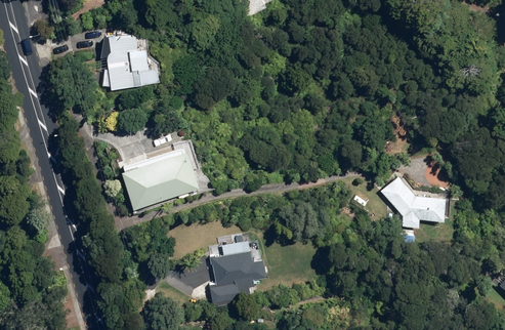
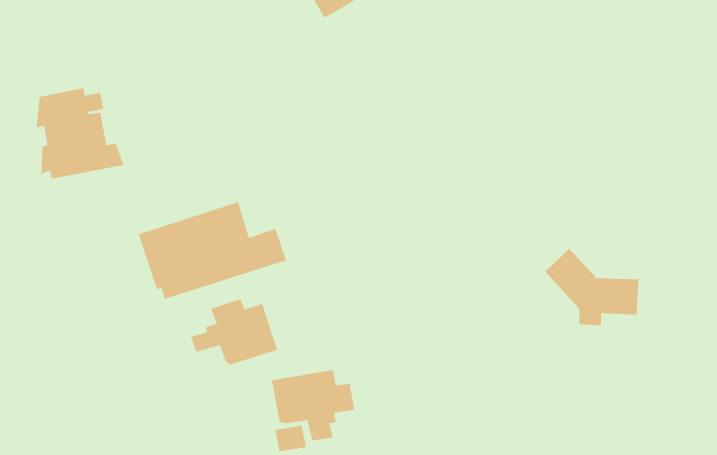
building: [102,34,161,94] -> [36,87,124,179]
building: none -> [190,299,278,365]

